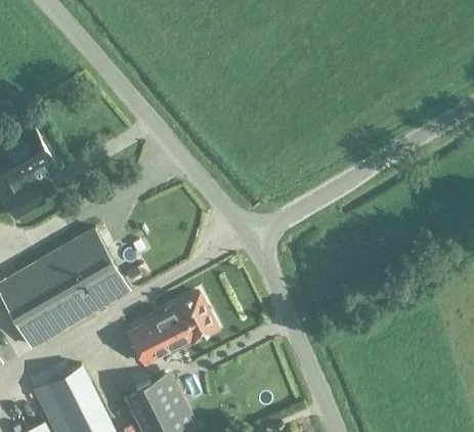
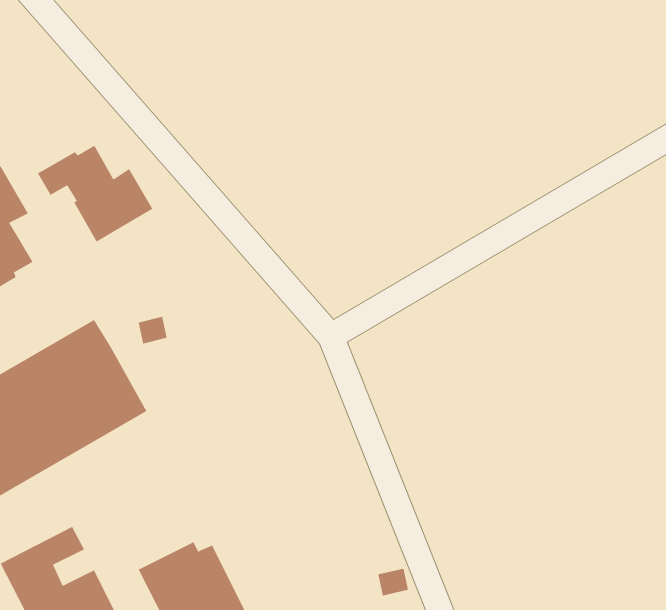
building: none -> [37,145,153,243]
building: [128,294,218,365] -> none

